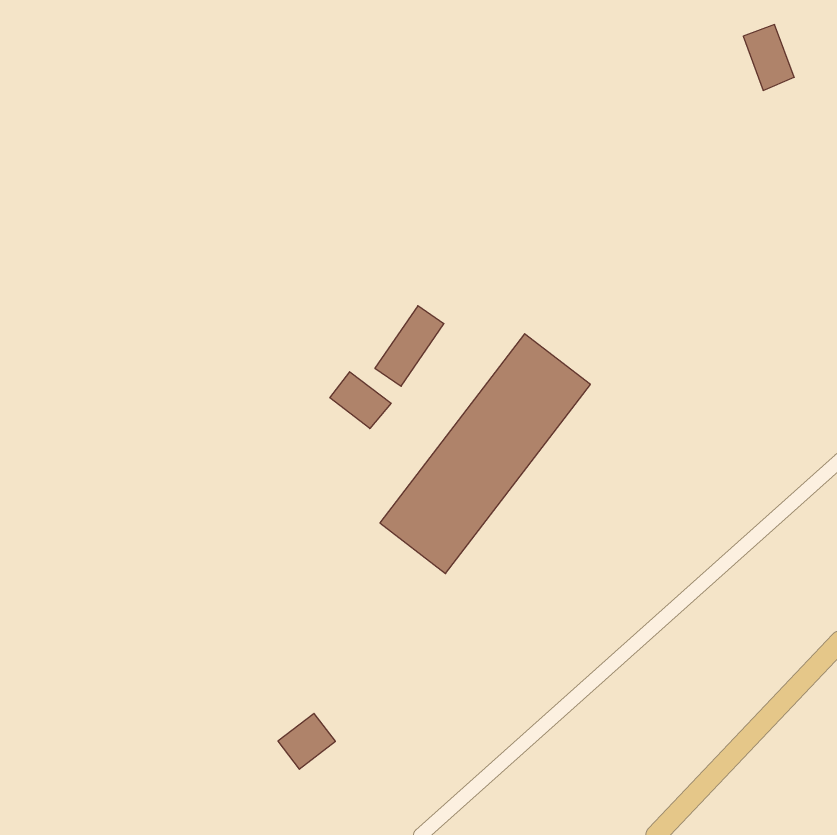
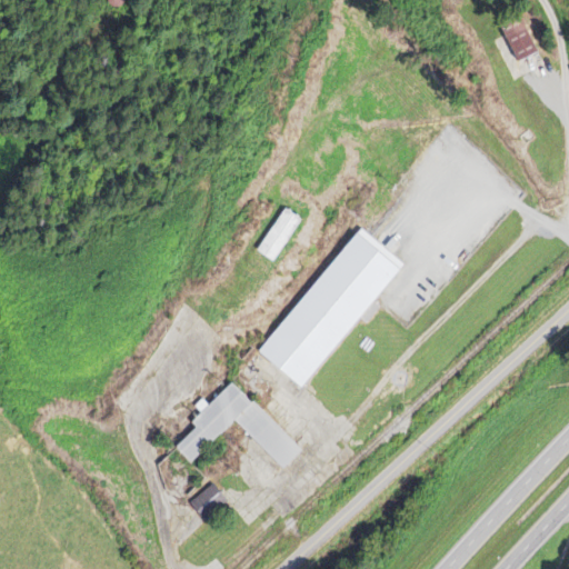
building: [330,372,391,429] -> none
building: none -> [173,380,300,468]

